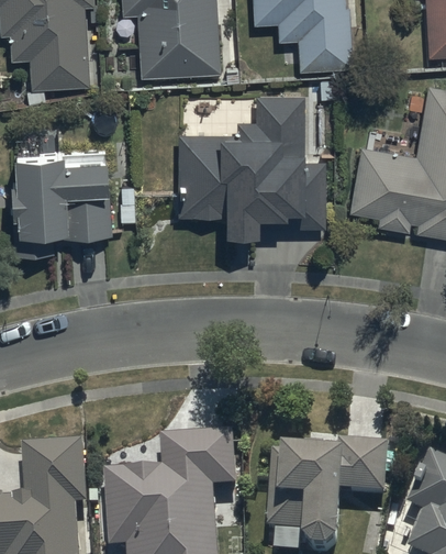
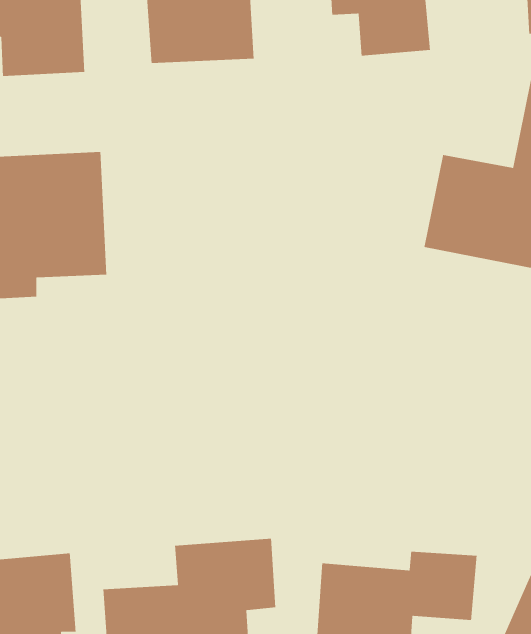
building: [177,97,326,229] -> none

